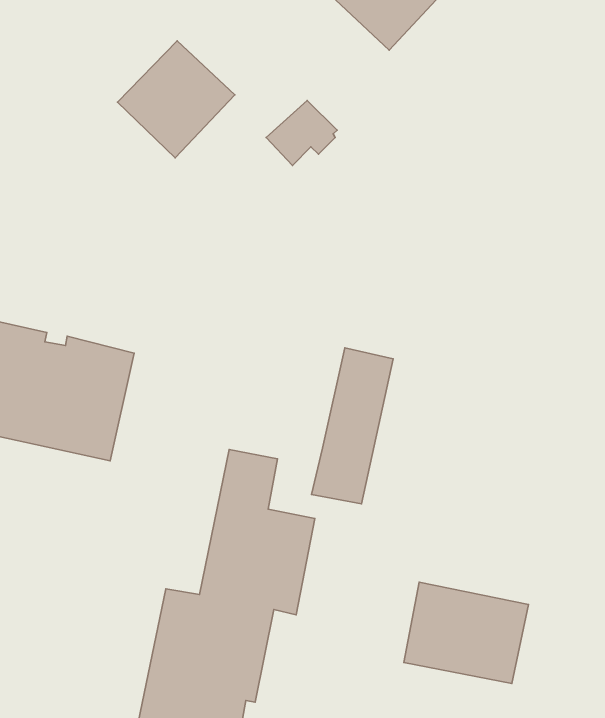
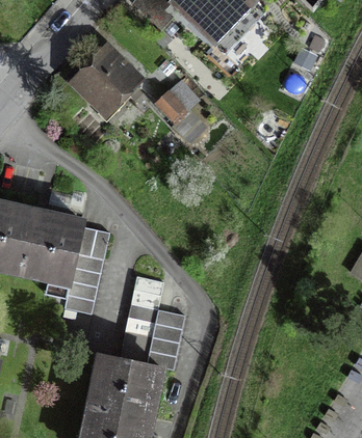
building: [311,348,393,504] -> [63,227,109,314]
building: [404,582,528,684] -> none

